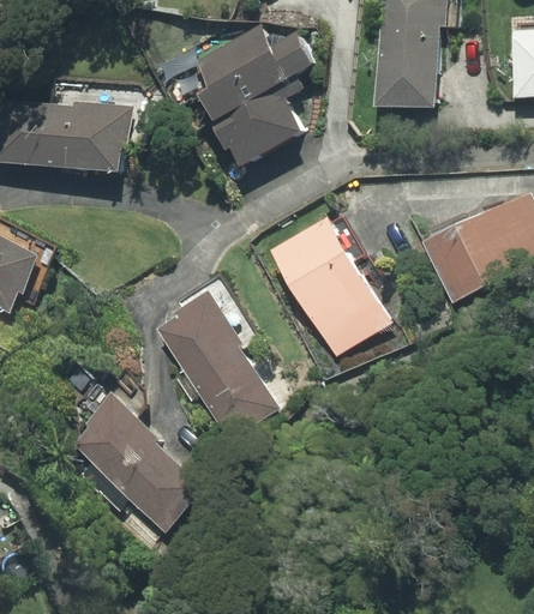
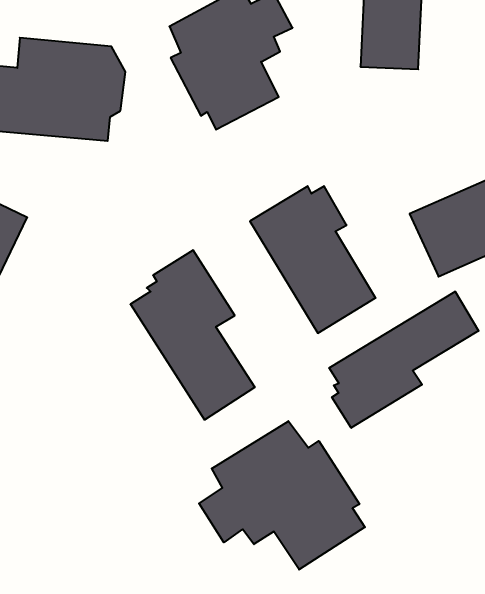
building: none -> [329,291,479,428]
building: [74,393,204,549] -> none
building: none -> [199,421,365,570]

